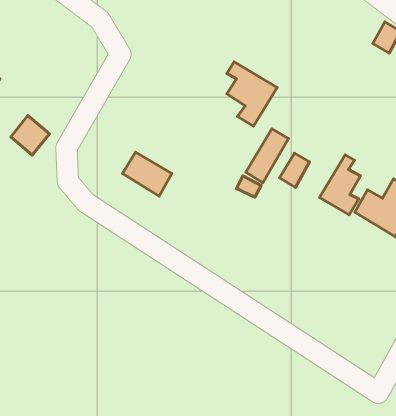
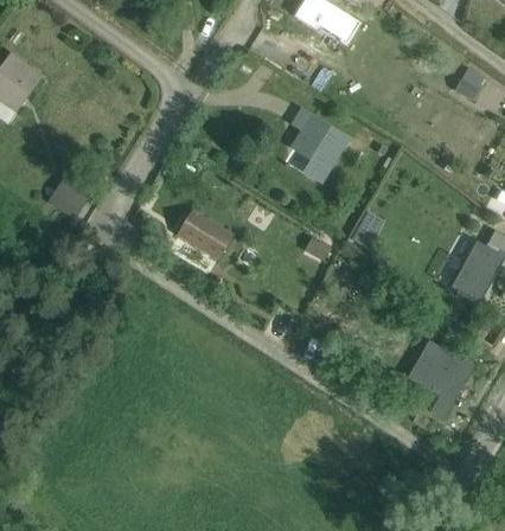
building: [246,129,288,183] -> none
building: [320,155,360,215] -> none
building: none -> [408,340,474,418]

